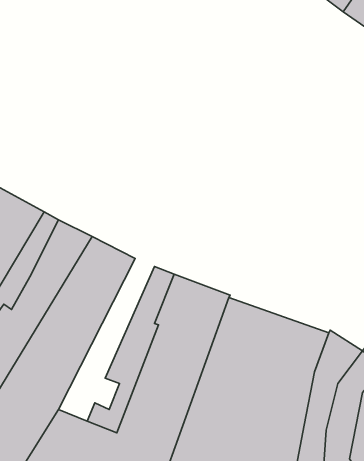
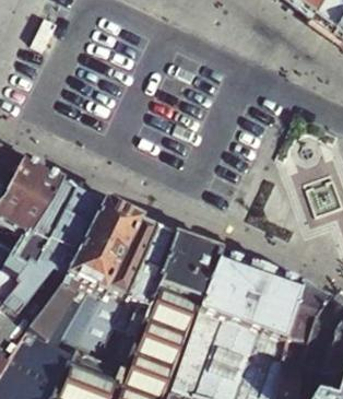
building: none -> [72,223,153,360]

